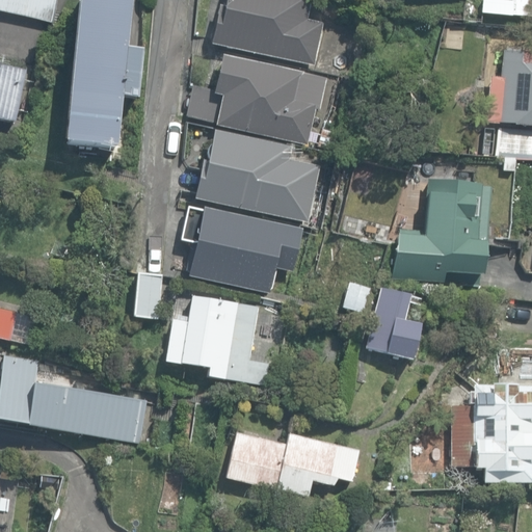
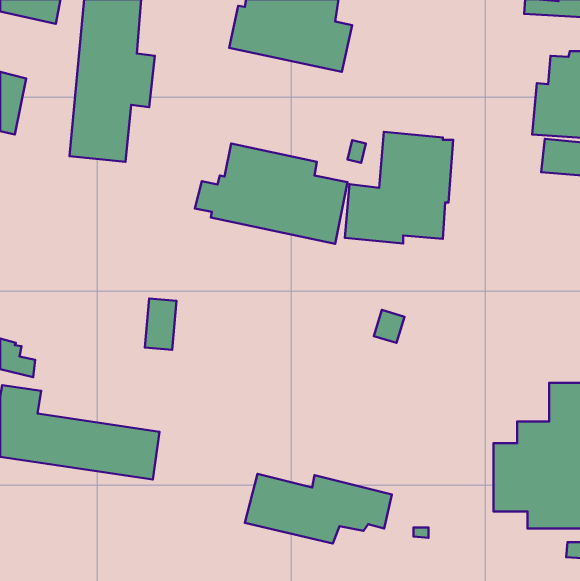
building: [186,55,326,145] -> none
building: [398,181,497,283] -> [345,132,453,244]
building: [183,206,303,293] -> none
building: [366,288,420,358] -> none
building: [166,296,269,383] -> none

